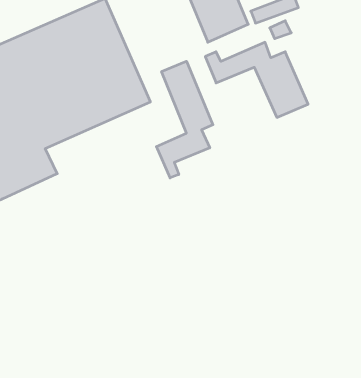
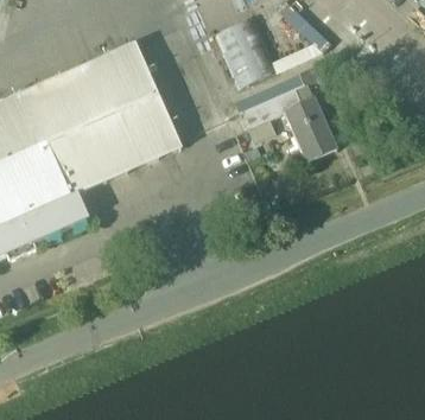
building: [156,61,213,178] -> none

